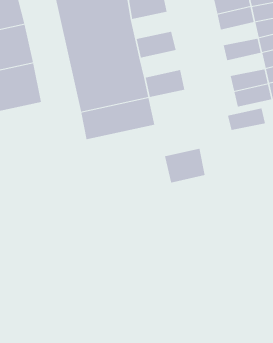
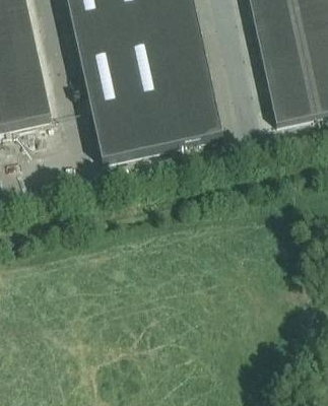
building: none -> [155,15,202,47]
building: none -> [258,27,302,54]
building: none -> [166,60,212,91]
building: [227,108,266,131] -> [265,63,310,89]
building: [164,148,206,183] -> [176,106,223,146]

